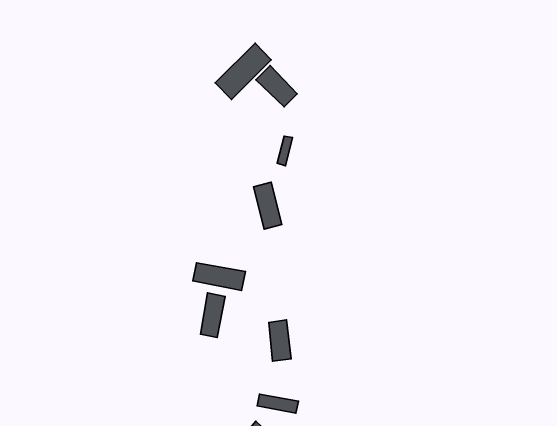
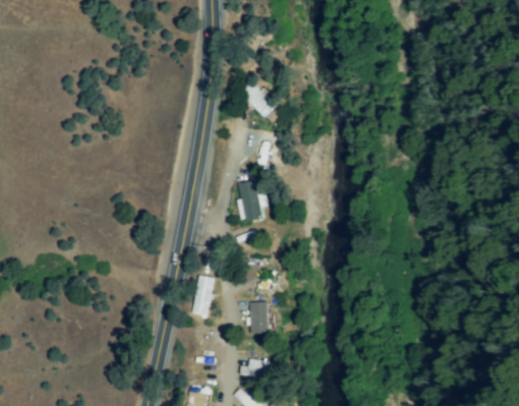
building: [215,43,271,100] -> none
building: [193,263,246,290] -> none

